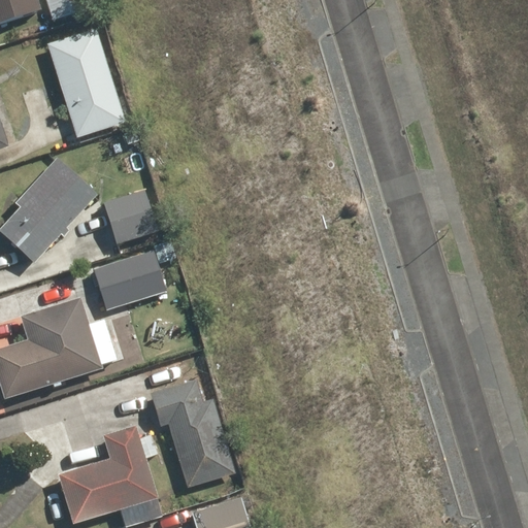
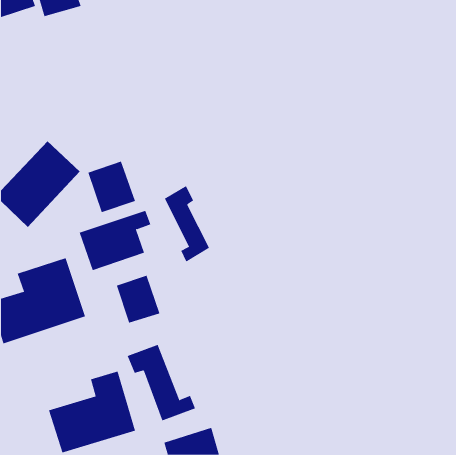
building: [46,28,127,140] -> none
building: none -> [164,185,210,262]
building: none -> [116,275,160,323]

